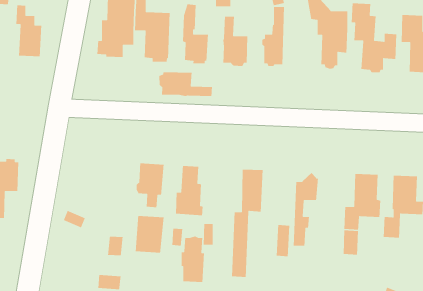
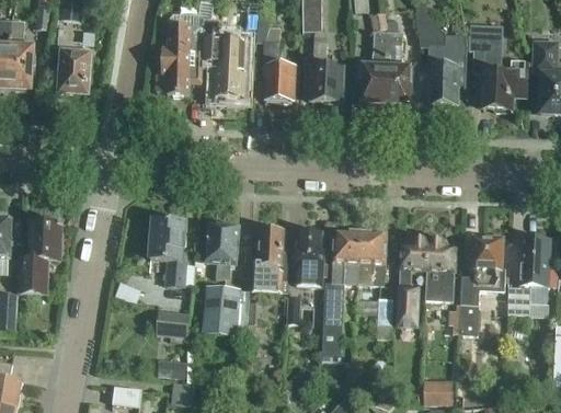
building: none -> [386,31,413,107]
building: [159,71,213,97] -> none
building: none -> [151,219,187,287]
building: none -> [359,231,387,285]
building: none -> [426,234,456,301]
building: [181,235,205,283] -> [296,228,325,286]

